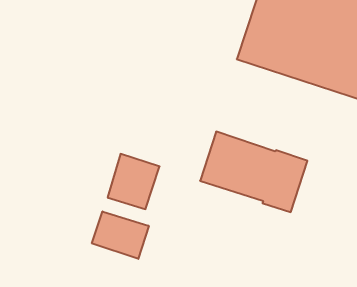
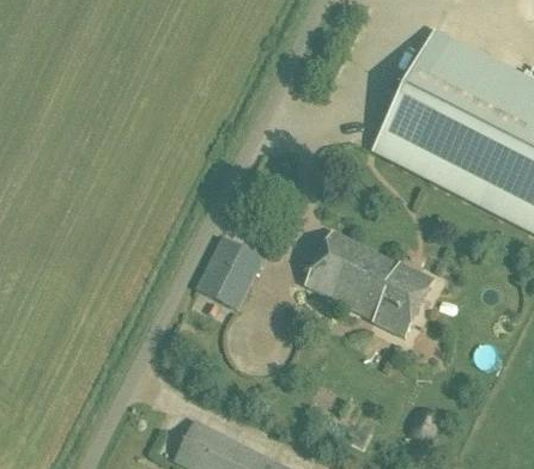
building: [92,211,149,259] -> none

